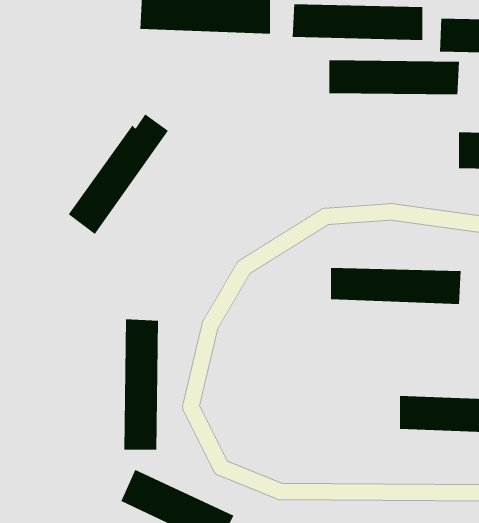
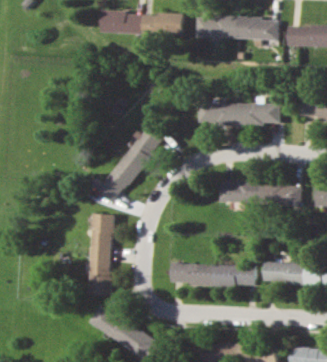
building: [329,60,460,95] -> [198,103,280,125]
building: [68,113,169,235] -> [100,126,163,202]
building: none -> [169,264,255,287]

